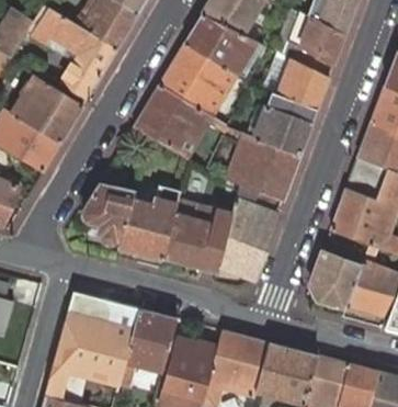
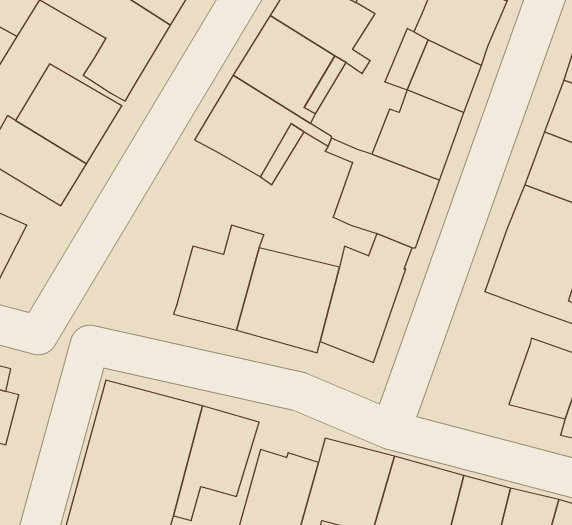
building: [82,183,135,244] -> none
building: [311,251,366,307] -> none

